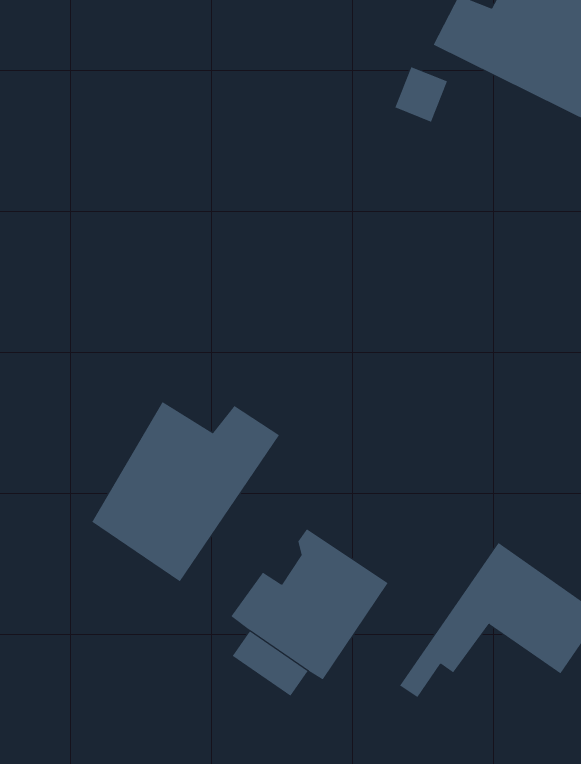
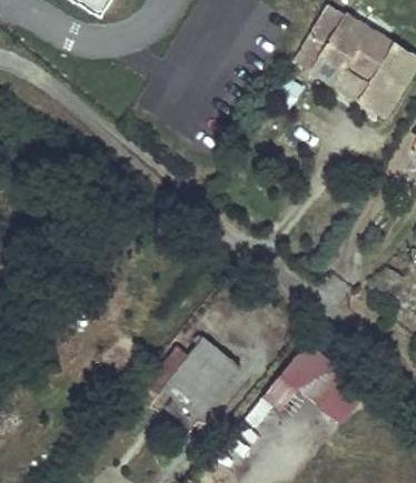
building: [91,401,280,582] -> none

